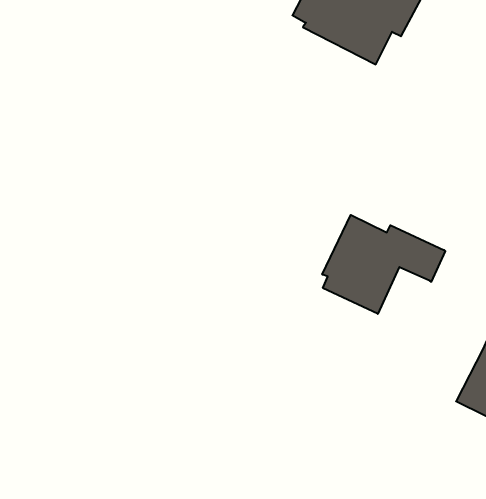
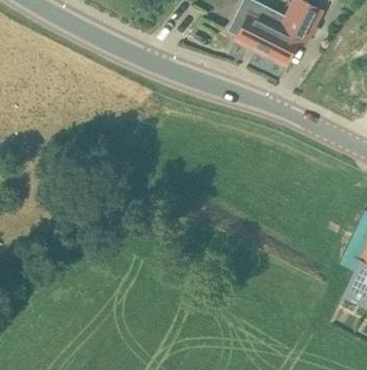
building: [322,215,445,314] -> none

